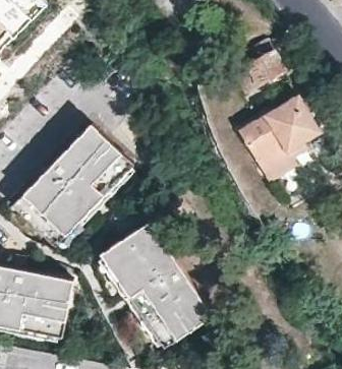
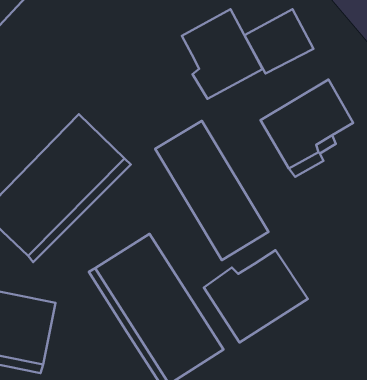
building: none -> [182,9,263,99]
building: none -> [155,121,269,260]
building: none -> [204,250,308,342]

